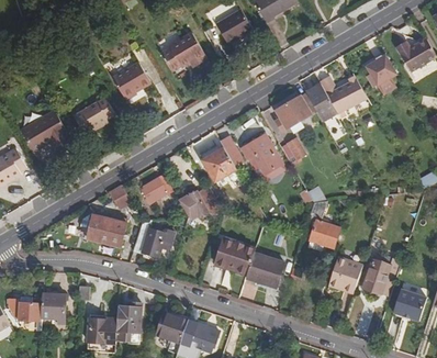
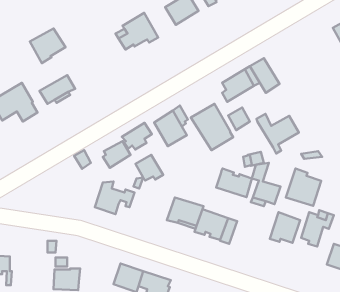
building: [363,53,396,96] -> none
building: [110,61,149,100] -> [30,29,65,63]
building: [321,74,368,118] -> [257,114,299,153]
building: none -> [122,123,152,149]
building: none -> [286,168,321,206]
building: none -> [216,168,252,197]
building: [88,215,128,247] -> none
building: [42,292,65,322] -> none
building: [116,300,143,329] -> none

